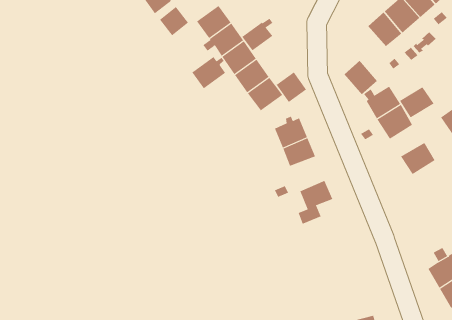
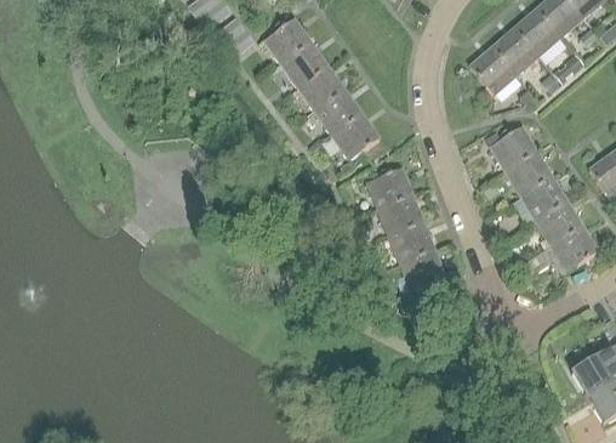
building: [241,18,273,51] -> none
building: [192,56,226,89] -> none
building: [343,60,378,95] -> [470,46,517,93]
building: [276,72,307,103] -> none
building: [399,86,435,118] -> [521,178,569,221]
building: none -> [388,221,435,267]
building: none -> [552,226,599,272]

